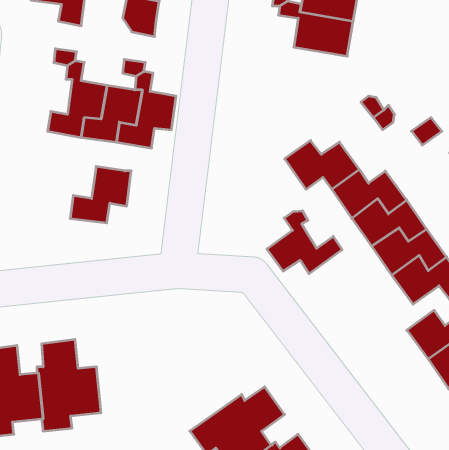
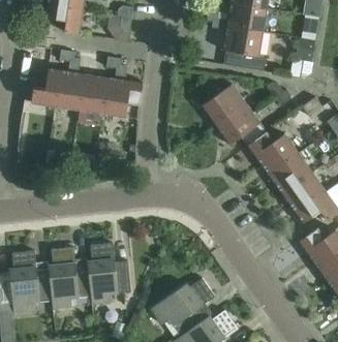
building: none -> [201,83,252,124]
building: [70,166,131,223] -> [30,67,71,105]
building: [267,211,342,274] -> none
building: none -> [87,243,130,304]

